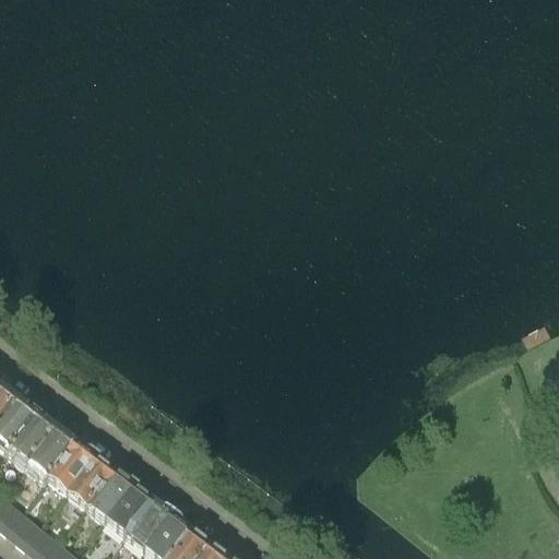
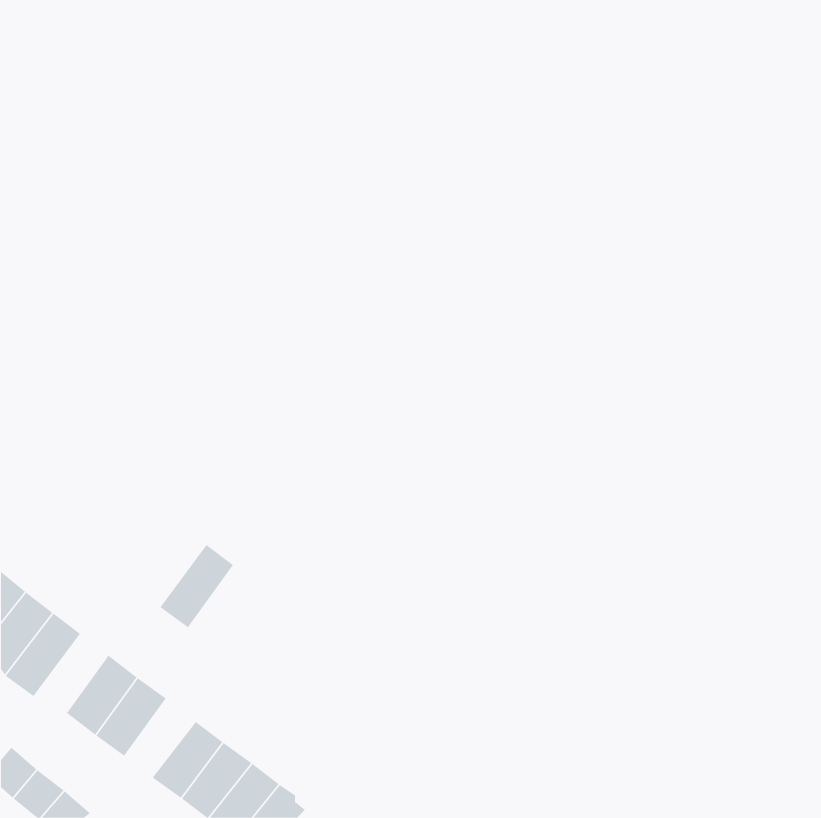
building: [26,428,76,485] -> [159,544,234,628]
building: [87,472,135,525] -> none

